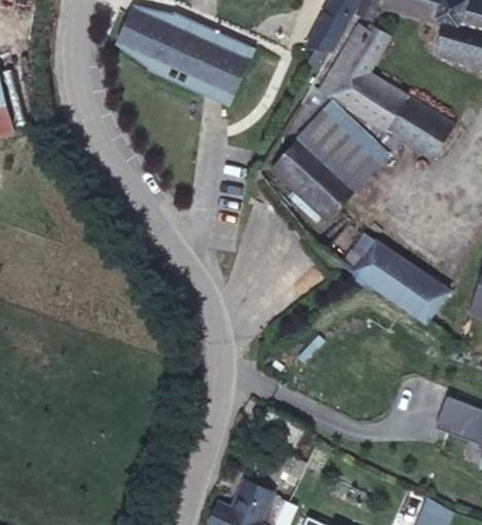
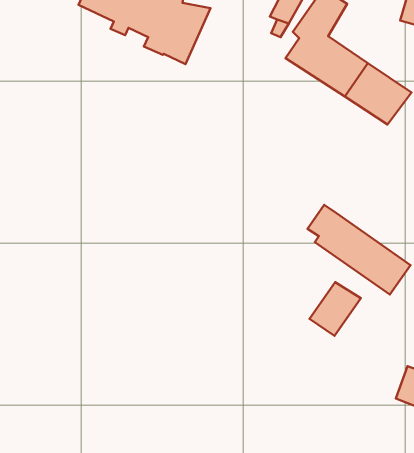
building: [272,105,391,225] -> none
building: none -> [309,282,361,336]

